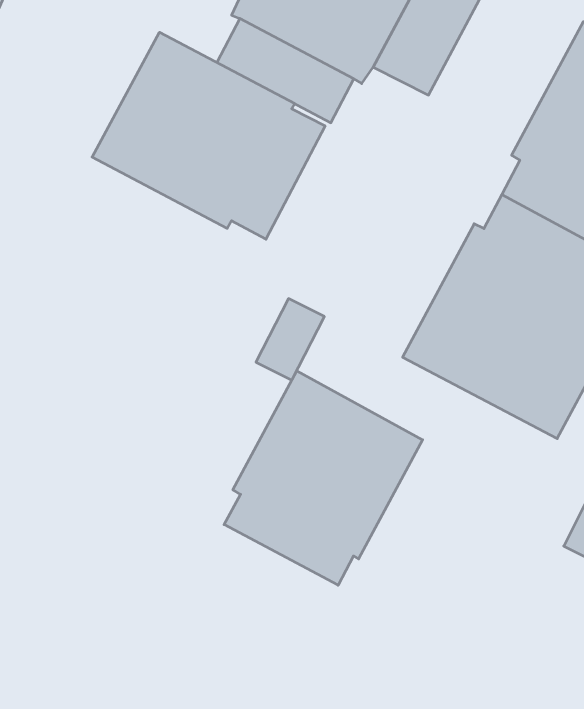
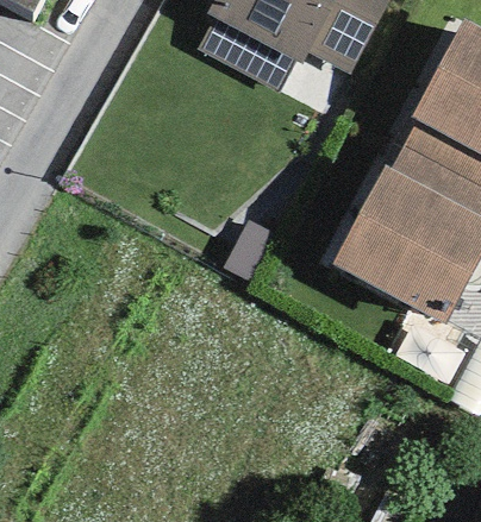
building: [92,32,325,239] -> none
building: [224,371,423,585] -> none

